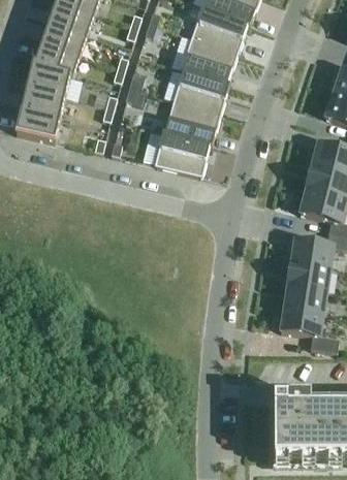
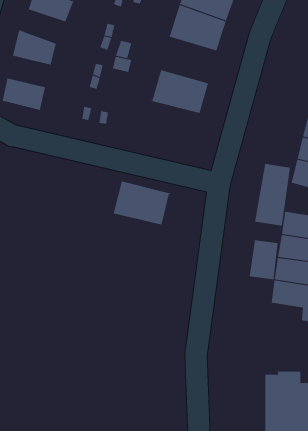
building: [33,39,80,73] -> none
building: [172,66,229,111] -> none
building: [22,85,65,116] -> none
building: [154,129,212,172] -> [113,181,172,225]
building: none -> [255,161,290,227]
building: none -> [249,239,278,280]

